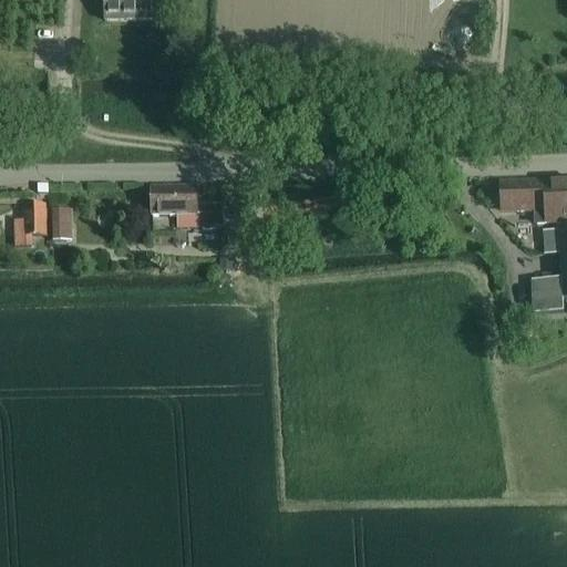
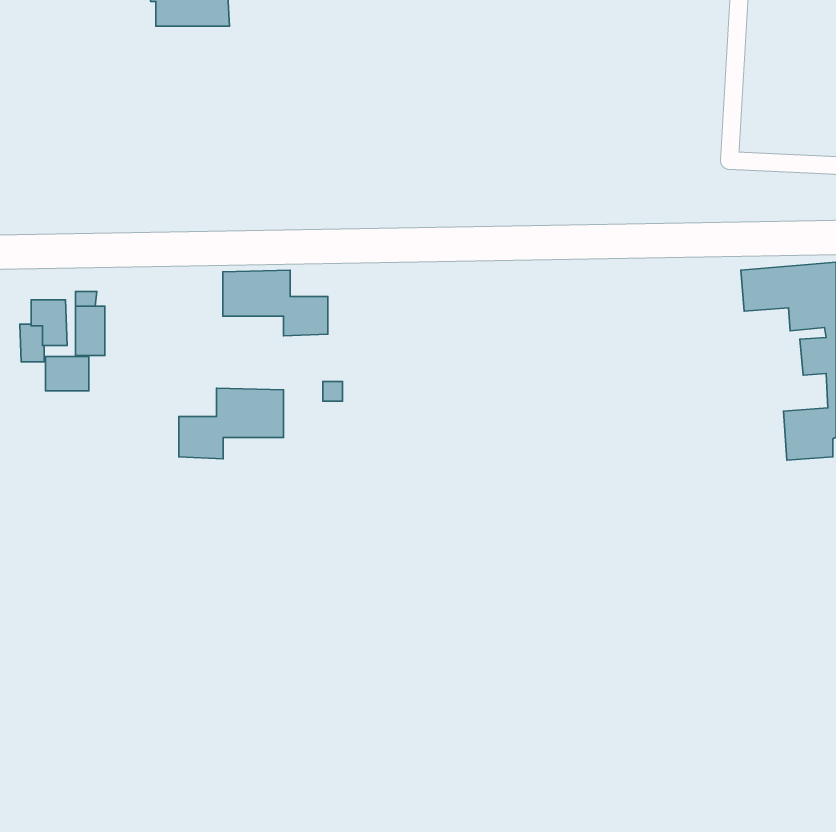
building: none -> [46,357,89,391]
building: none -> [179,388,284,459]

